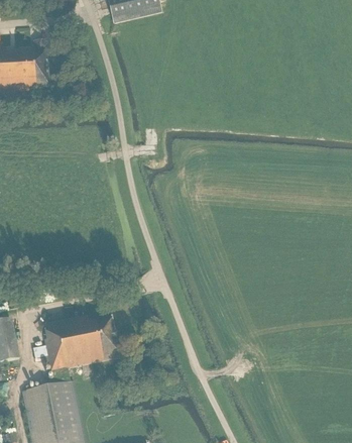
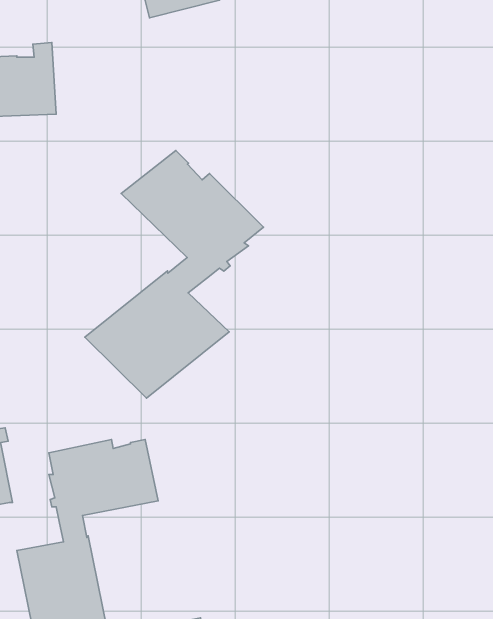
building: none -> [85,151,264,398]

